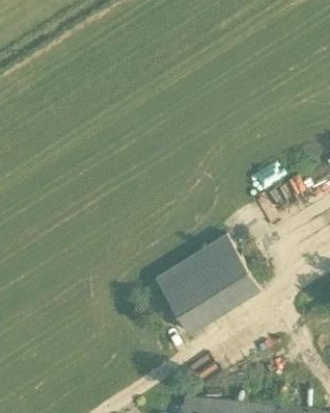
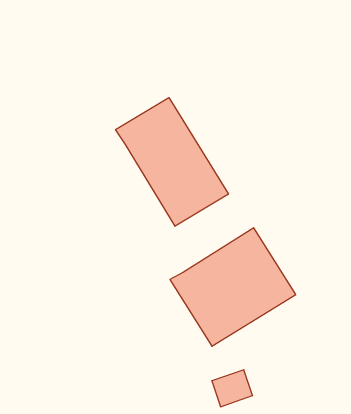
building: none -> [116,98,228,226]

